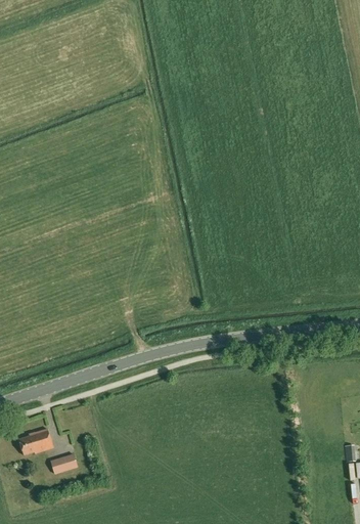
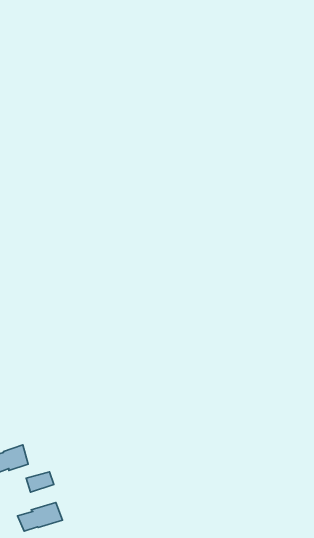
building: none -> [18,502,63,531]

